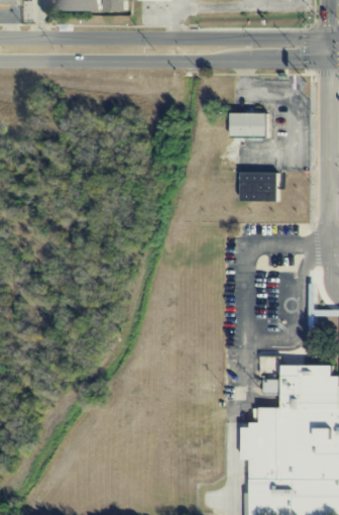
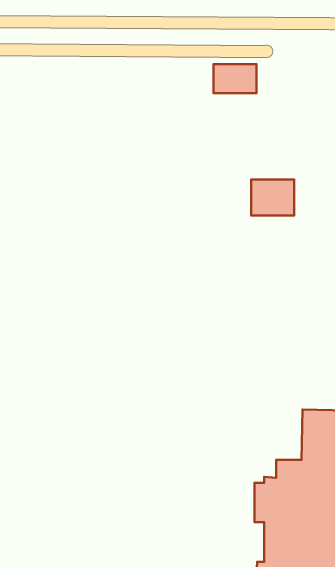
building: [228,113,264,137] -> [213,64,257,93]

